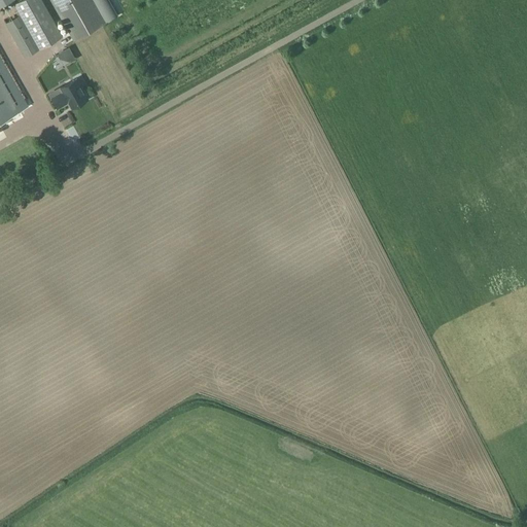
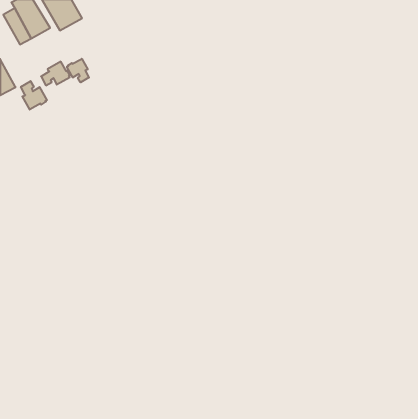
building: none -> [67,59,89,82]
building: none -> [21,81,47,110]

